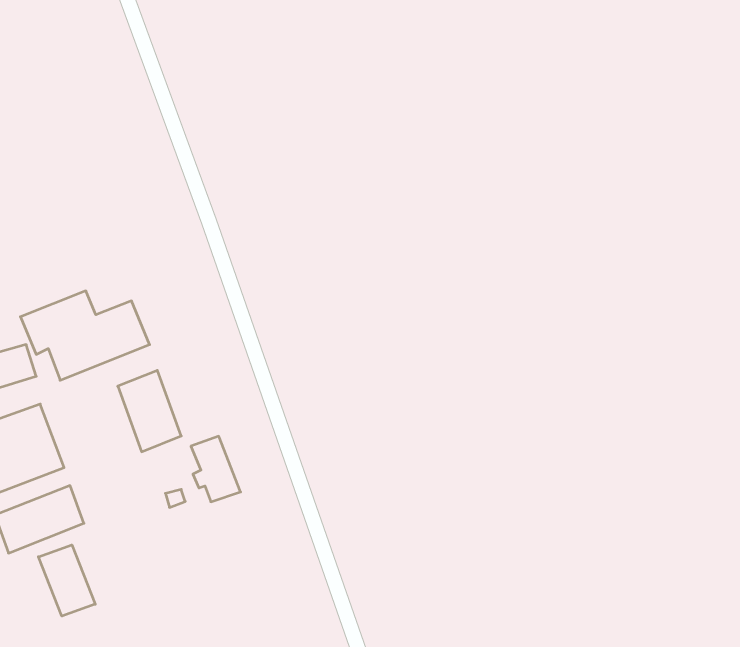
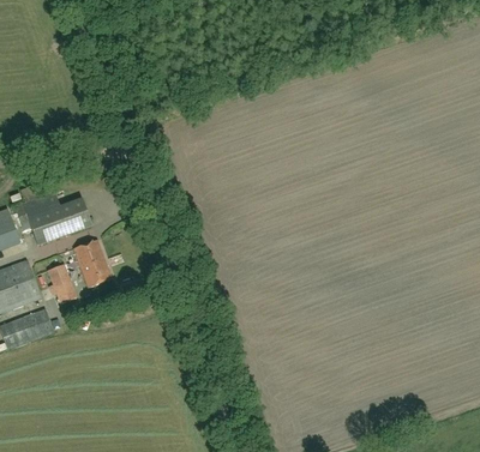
building: [191,436,241,502] -> [46,264,76,303]
building: [38,545,95,616] -> none

